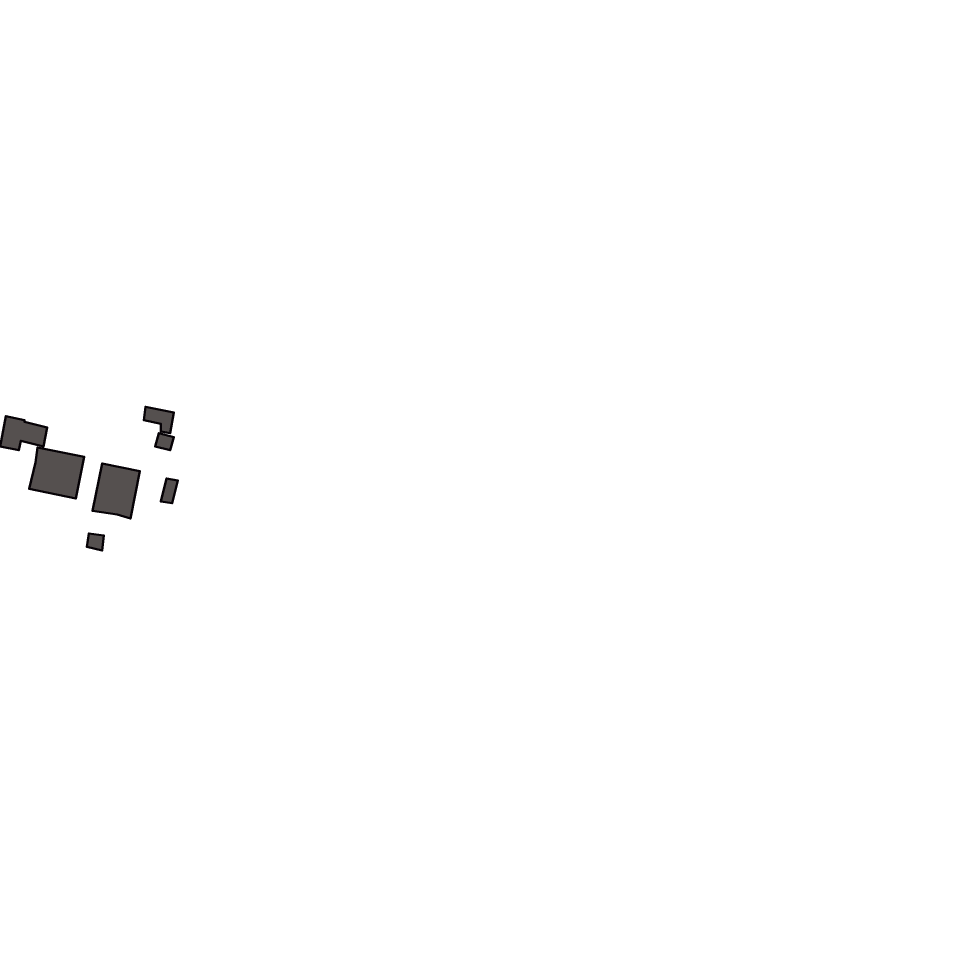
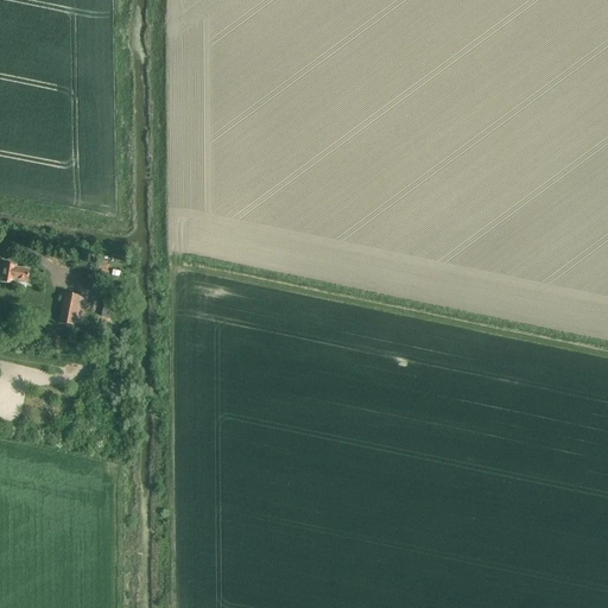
building: [29,447,84,498] -> none

